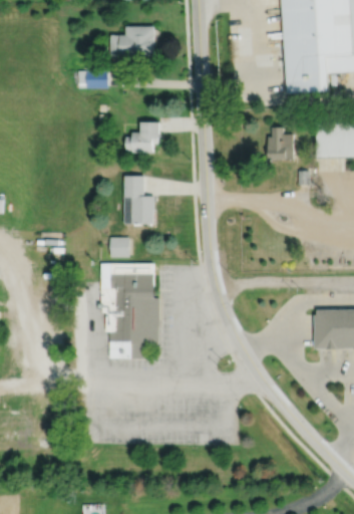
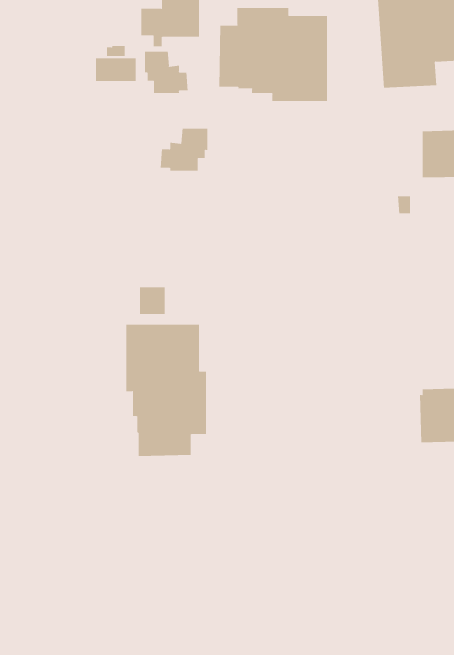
building: none -> [219,7,327,102]
building: none -> [145,51,188,94]
building: [269,125,294,158] -> none
building: [124,175,154,223] -> none

